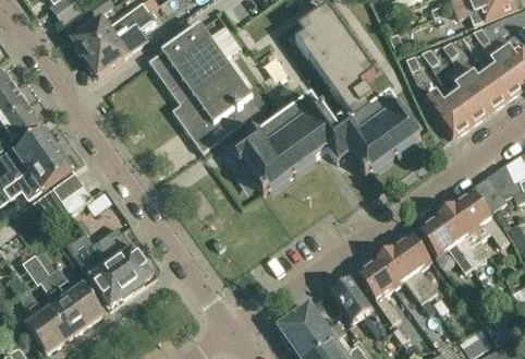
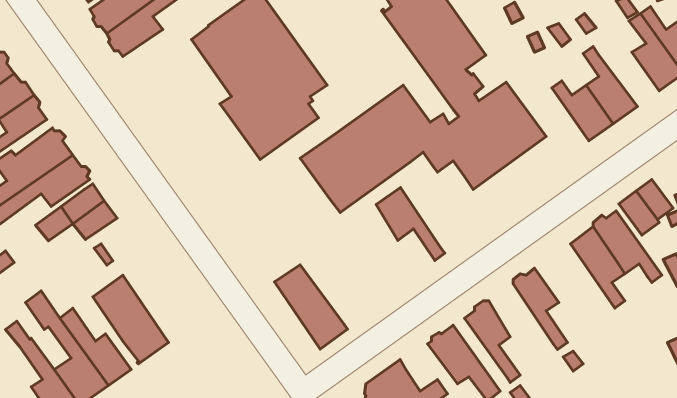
building: [455,59,505,111] -> none
building: [418,215,472,271] -> none
building: [97,227,152,291] -> [274,265,347,349]
building: [376,247,428,302] -> [376,187,445,260]

